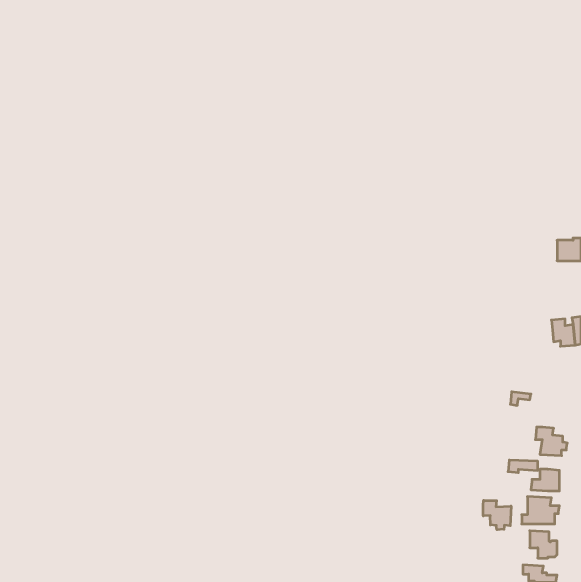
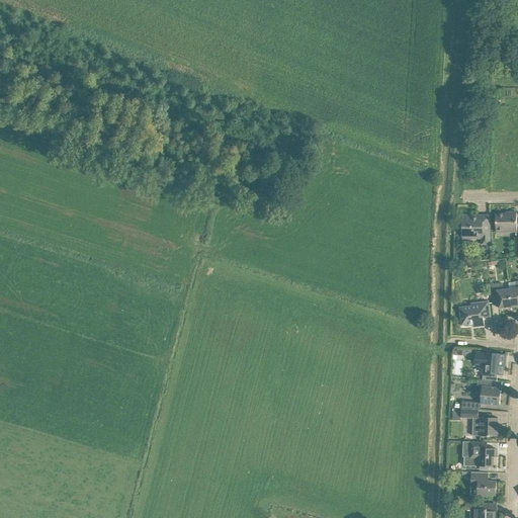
building: none -> [462,214,489,244]
building: none -> [459,301,490,327]
building: none -> [474,352,505,374]
building: [483,500,511,530] -> none

